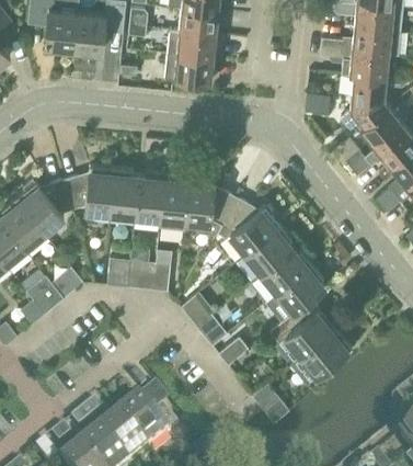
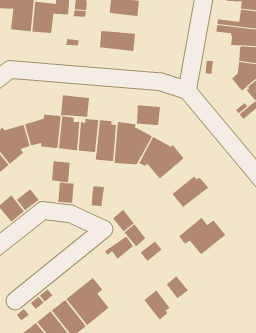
building: [165,30,216,57] -> none
building: none -> [60,94,89,117]
building: none -> [137,104,160,126]
building: [244,225,291,273] -> none
building: [128,259,154,288] -> [51,161,71,183]
building: [265,264,323,311] -> none
building: [300,328,351,374] -> none
building: none -> [104,236,134,260]
building: none -> [144,289,170,320]

